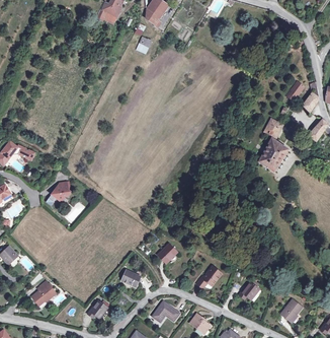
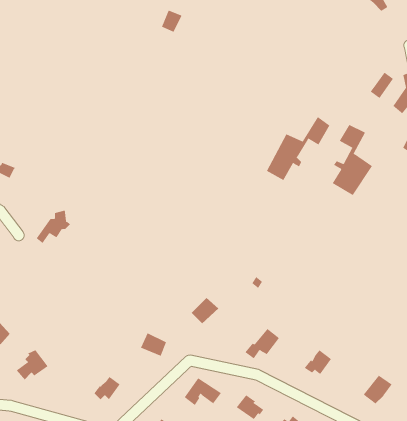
building: none -> [266,116,330,181]

